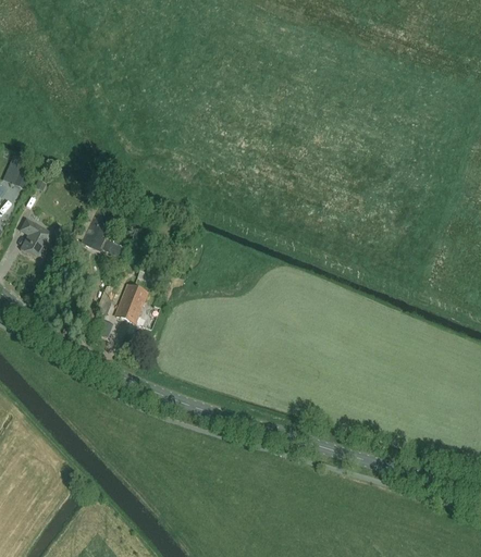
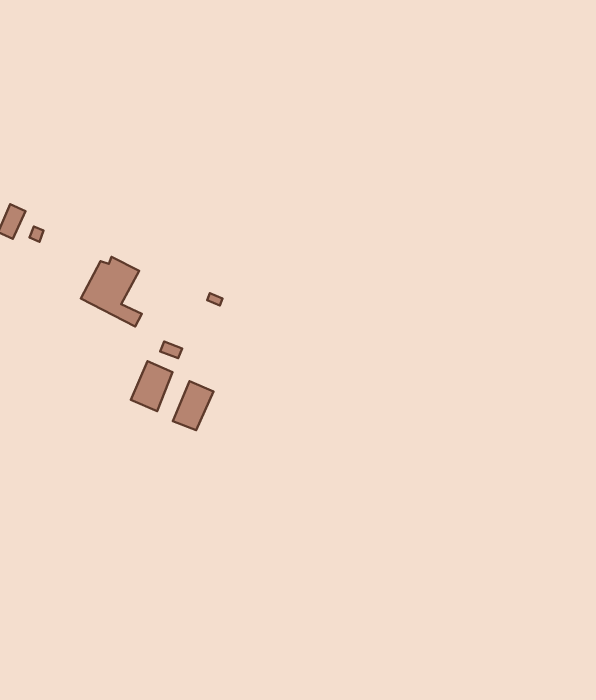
building: [18,220,52,258] -> none
building: none -> [173,381,213,430]

